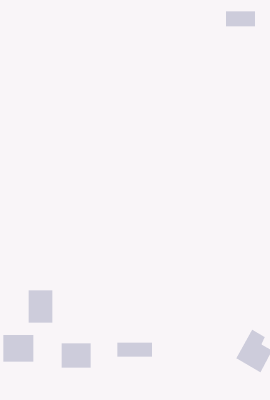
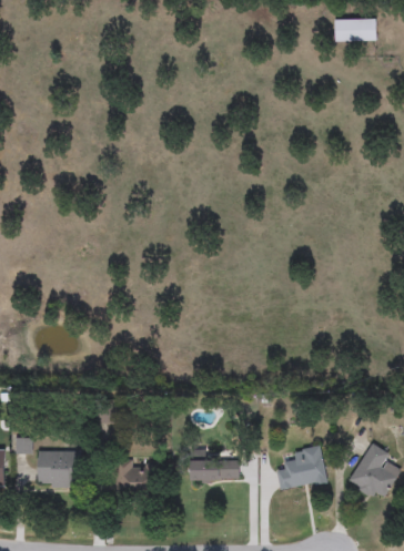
building: [28,289,53,323] -> none
building: none -> [276,445,327,490]

